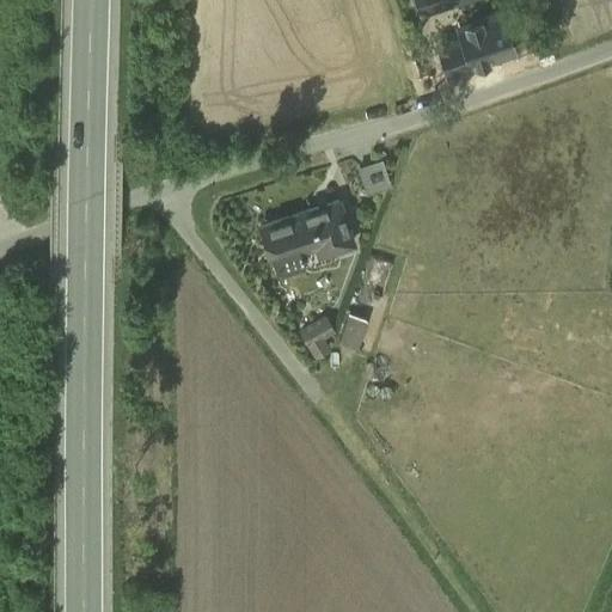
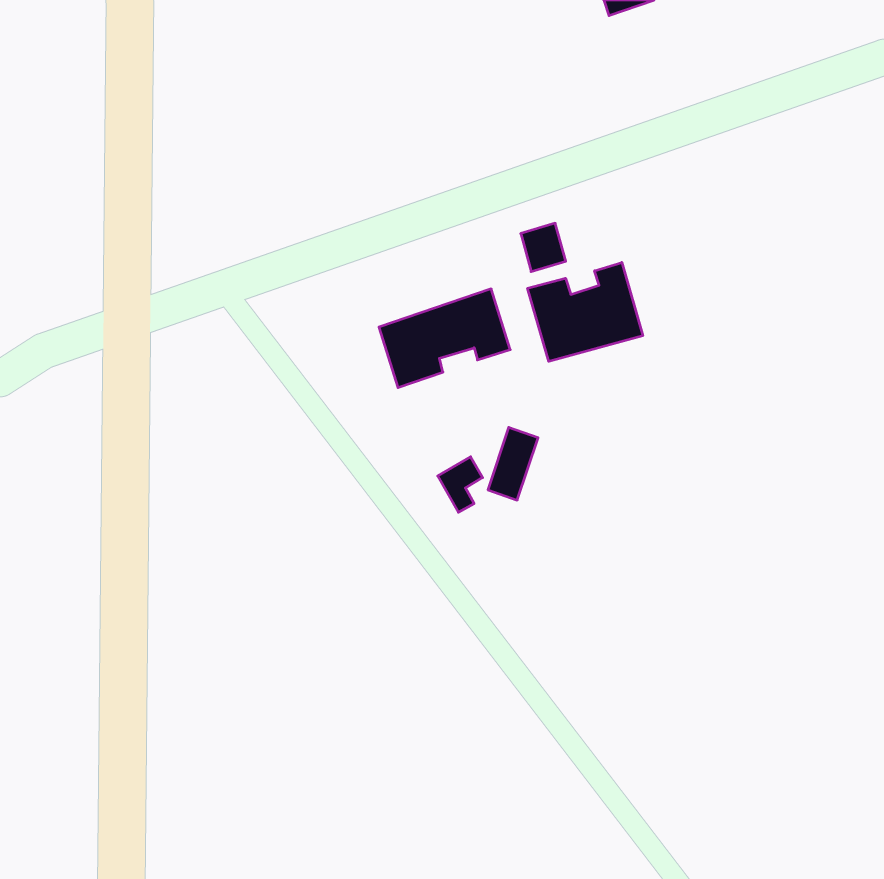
building: [440,16,513,74] -> none
building: none -> [528,262,643,361]

